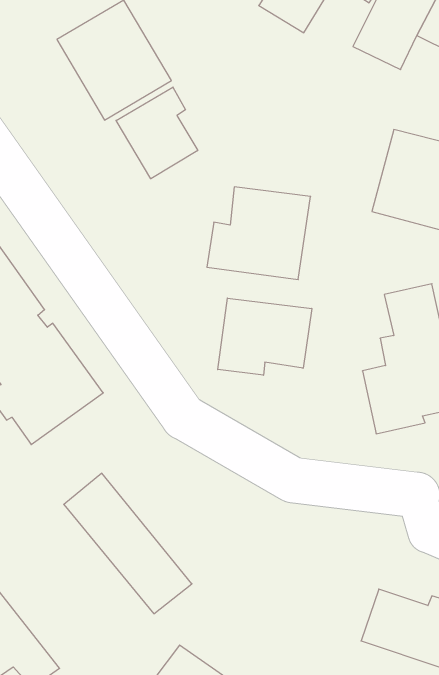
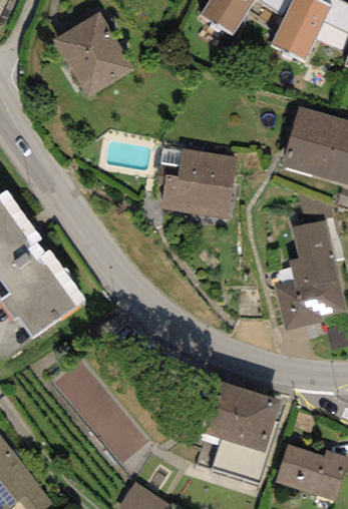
building: [116,87,198,179] -> none
building: [218,298,312,375] -> none
building: none -> [199,380,281,484]

